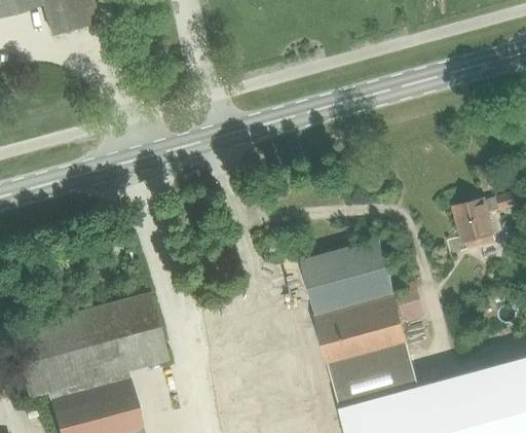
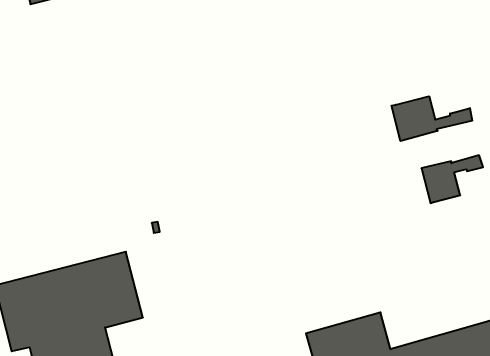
building: none -> [392,96,472,141]
building: [301,239,411,376] -> none

